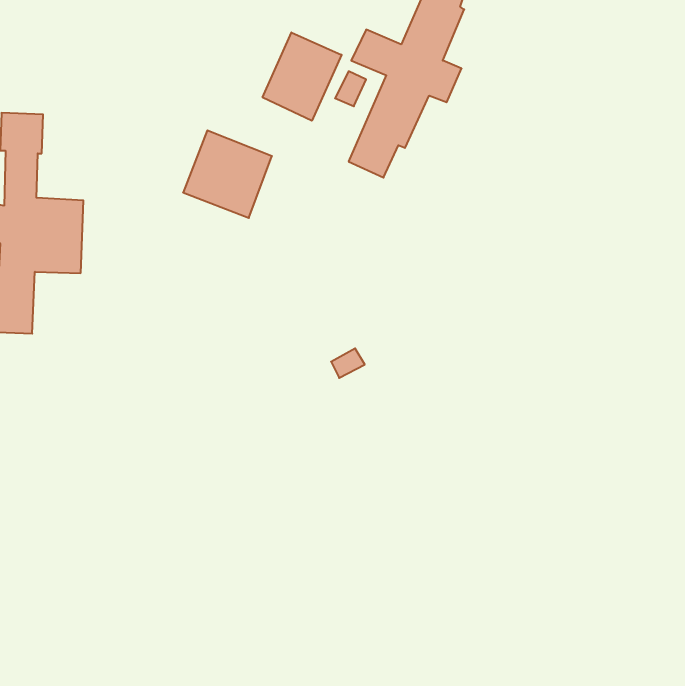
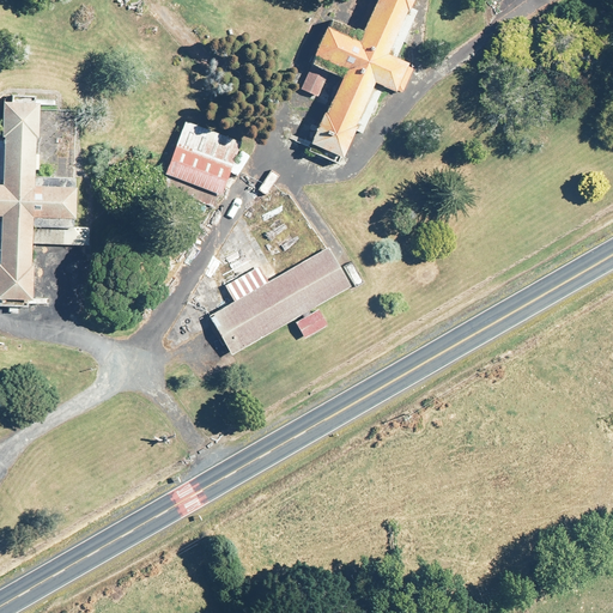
building: [263,32,342,121] -> none
building: none -> [207,248,351,356]

